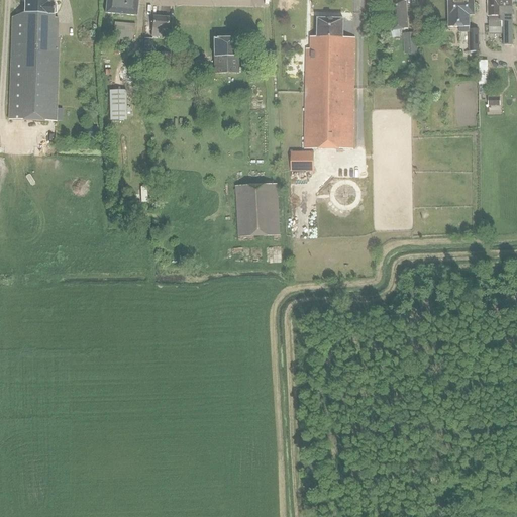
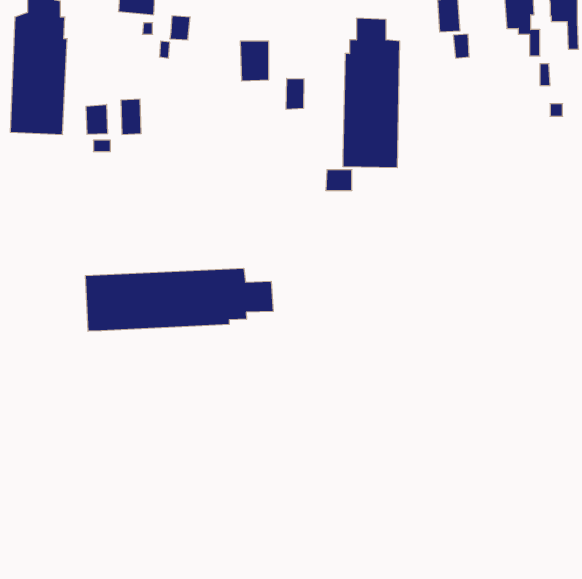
building: none -> [286,78,304,109]
building: none -> [86,104,108,134]
building: [234,182,278,235] -> none
building: none -> [85,268,273,331]

